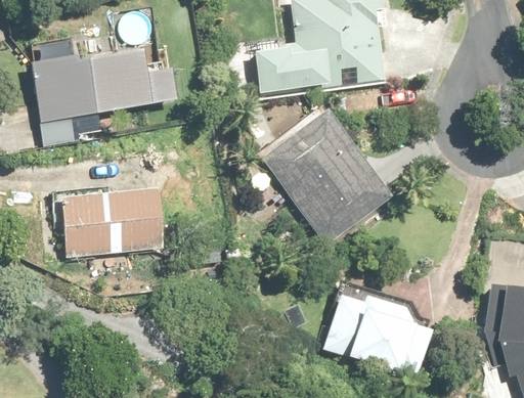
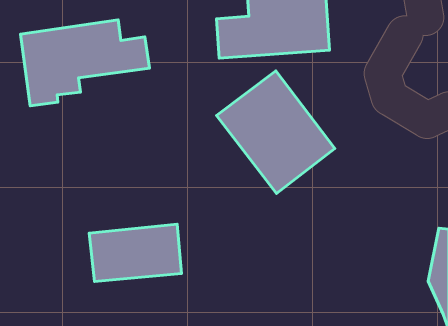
building: [60,191,166,257] -> [89,224,182,282]
building: [324,295,432,373] -> none

